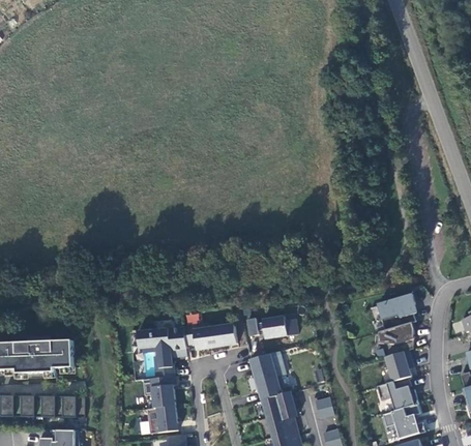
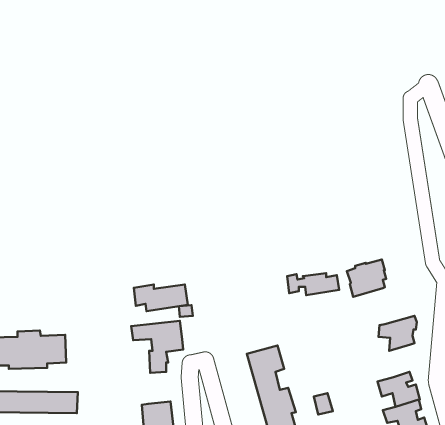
building: [378,294,416,330] -> [347,260,386,297]
building: [246,317,297,338] -> [287,273,339,295]
building: [184,324,237,350] -> [134,285,188,311]
building: [385,350,414,382] -> none
building: [143,377,175,408] -> none

